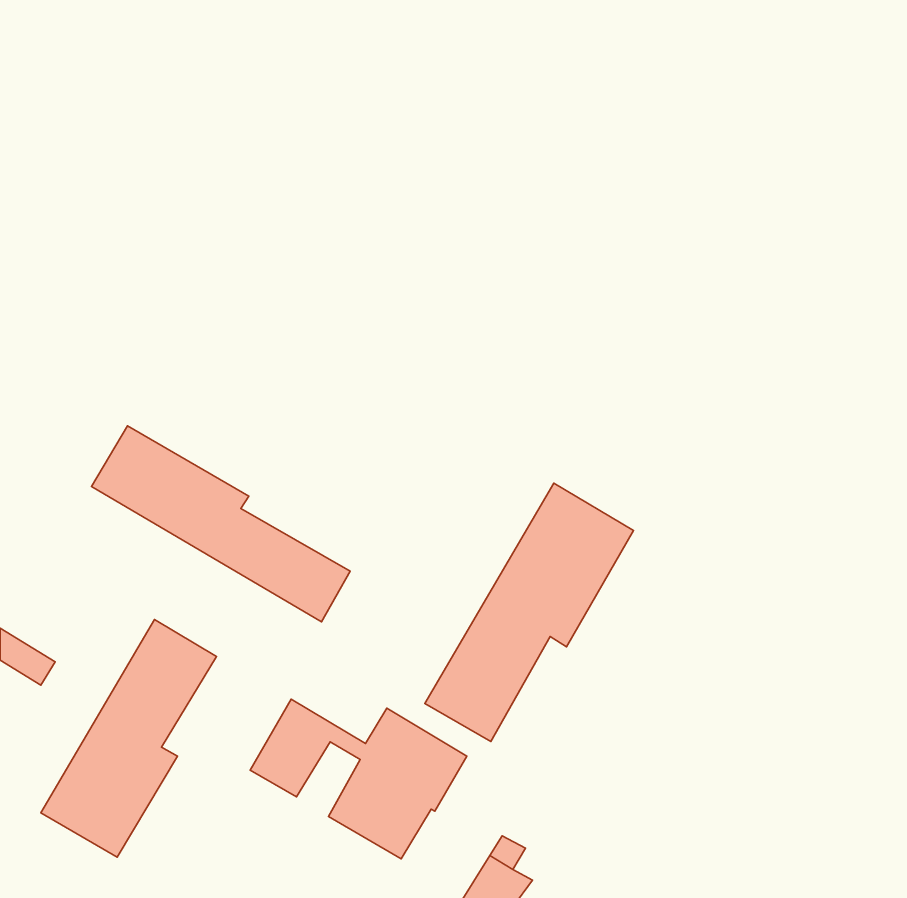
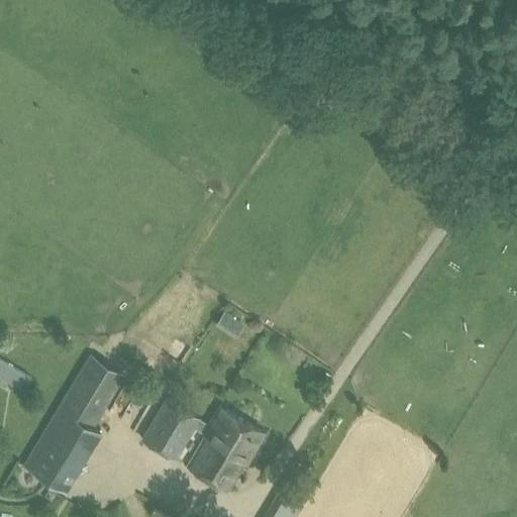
building: [91,426,350,622] -> none
building: [425,483,634,741] -> none

